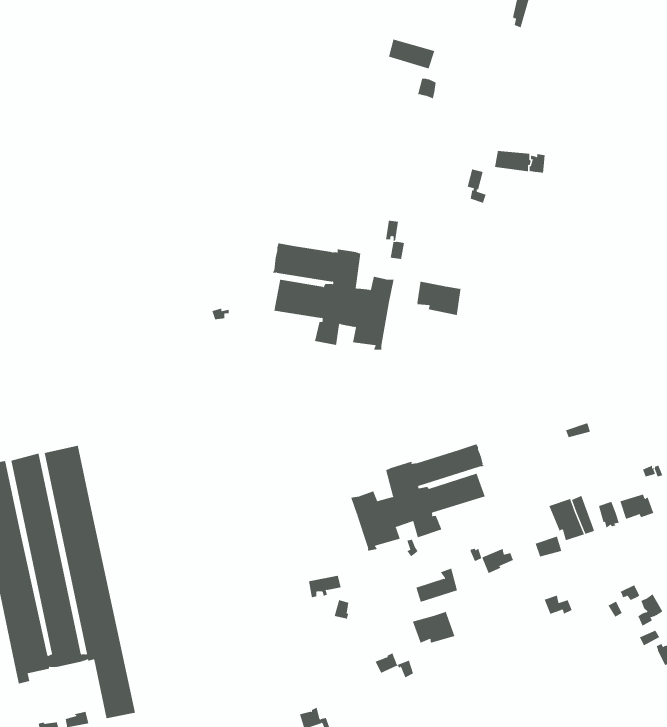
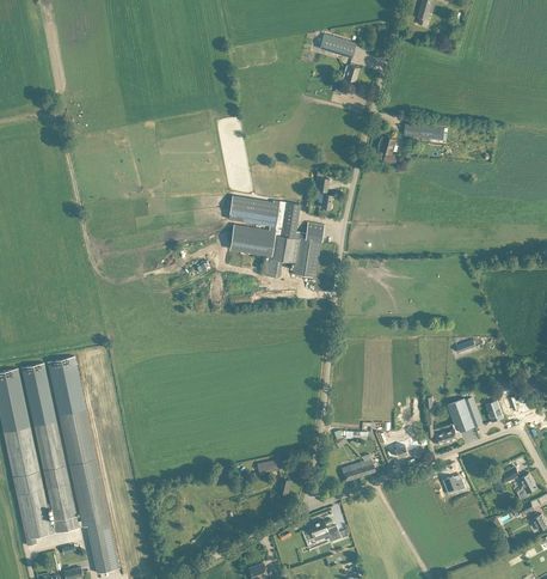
building: [417,281,461,316] -> none
building: [350,443,485,552] -> none
building: [412,610,455,644] -> none

